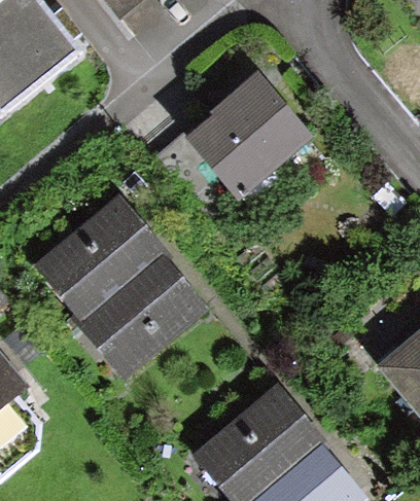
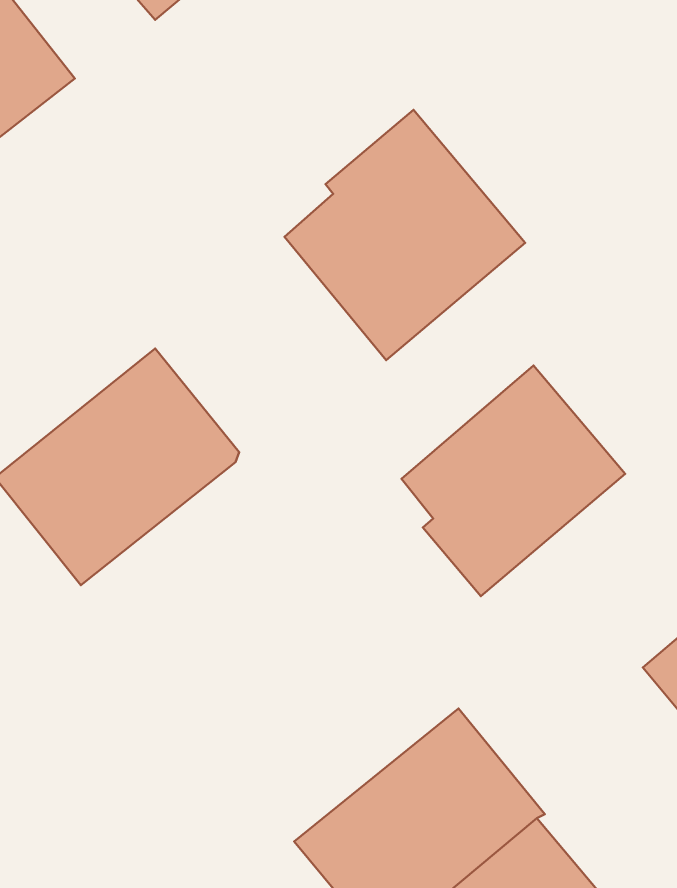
building: none -> [401,365,625,596]
building: [78,254,208,378] -> none

